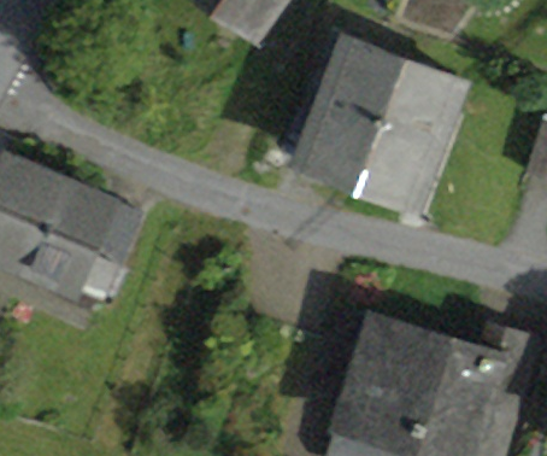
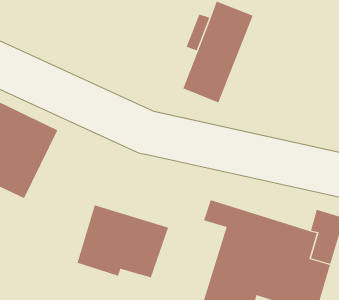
building: [359,57,457,198] -> none
building: none -> [77,204,169,278]

